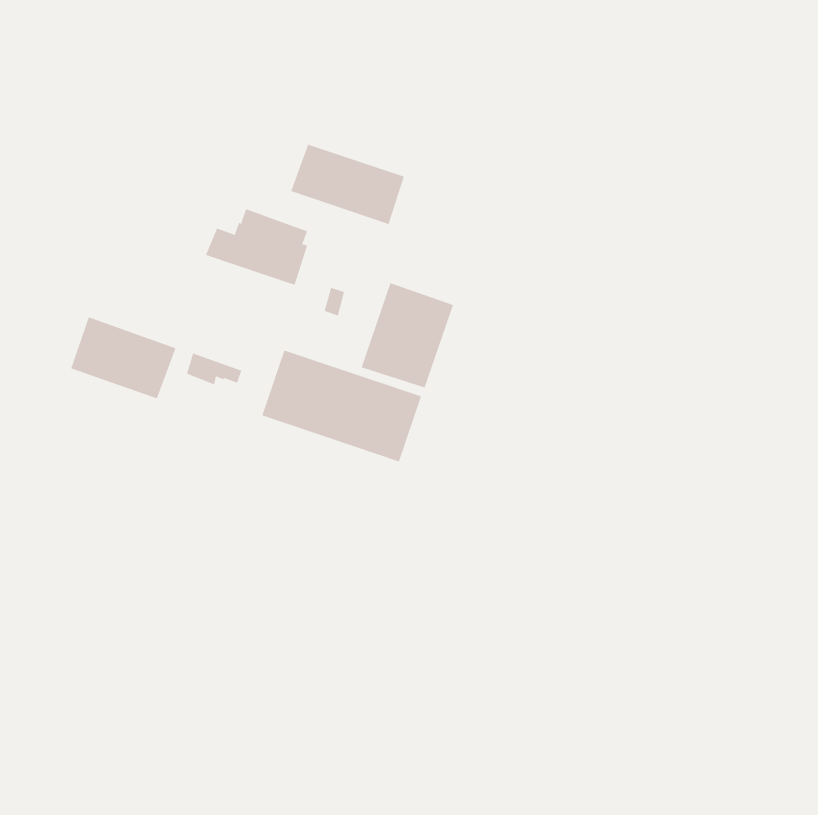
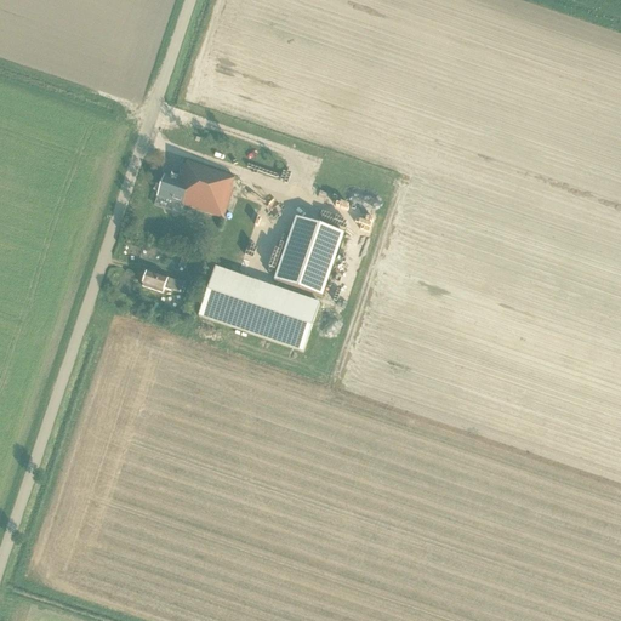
building: [291,144,404,225] -> none
building: [71,317,176,399] -> none

